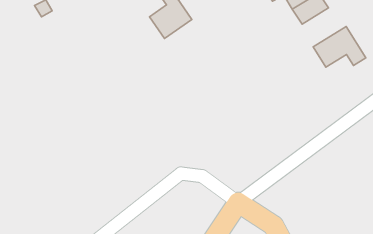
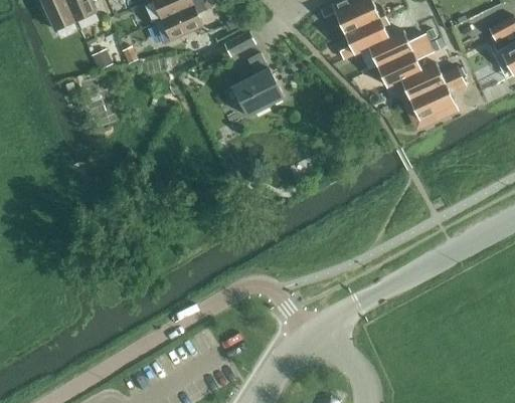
building: [313,27,366,67] -> none

